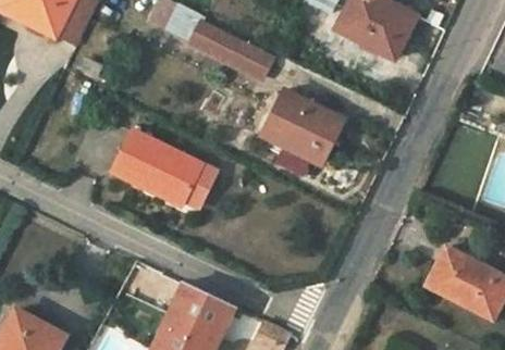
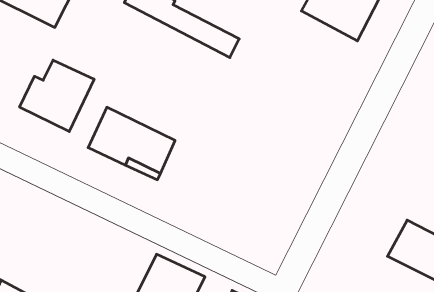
building: none -> [20,60,94,132]
building: [262,89,344,173] -> none

